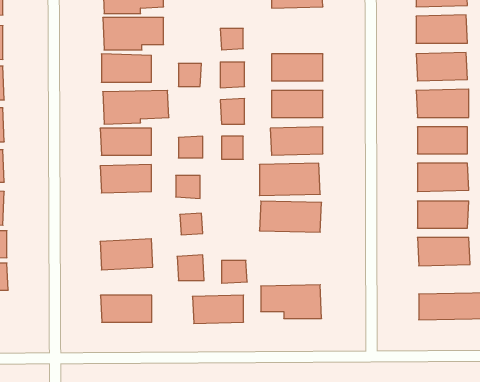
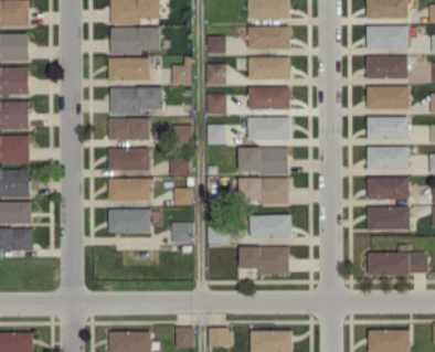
building: none -> [247,26,289,50]
building: [192,295,244,323] -> [248,215,290,238]
building: [100,295,152,322] -> [107,179,149,201]

